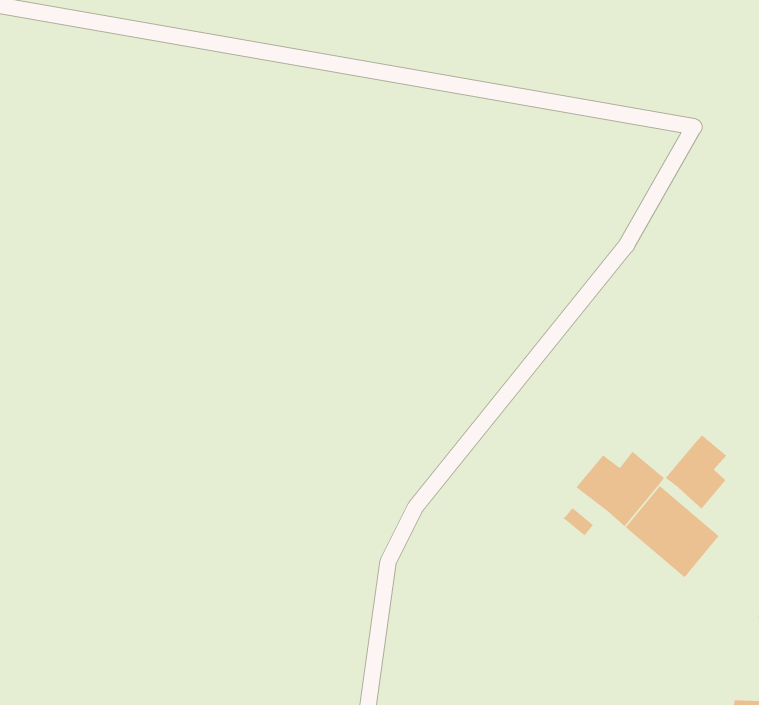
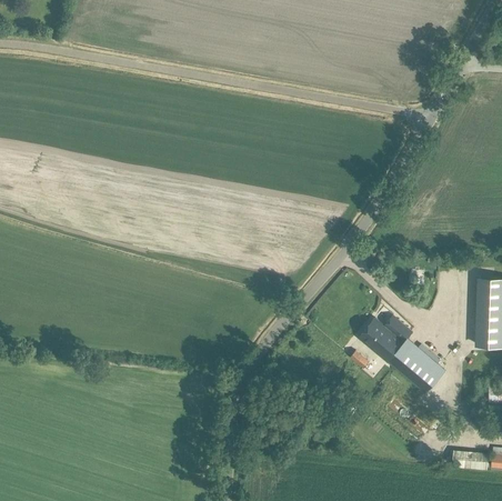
building: [665,435,727,510] -> none

